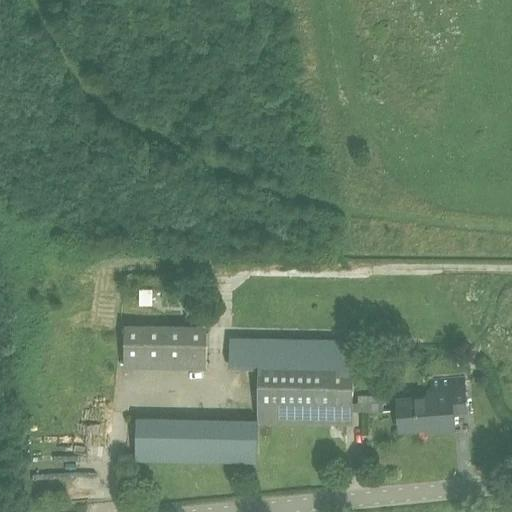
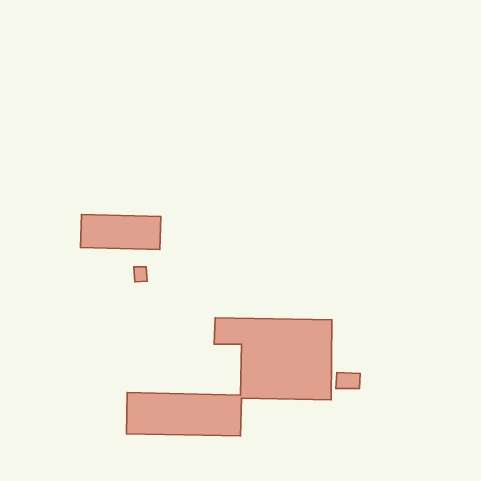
building: [122,333,207,370] -> [81,215,161,249]
building: [396,378,465,433] -> none

